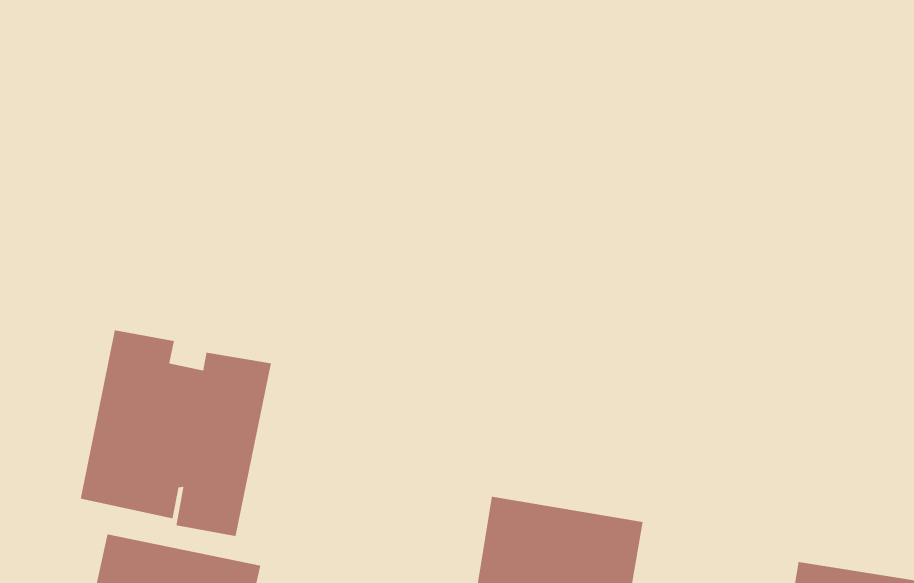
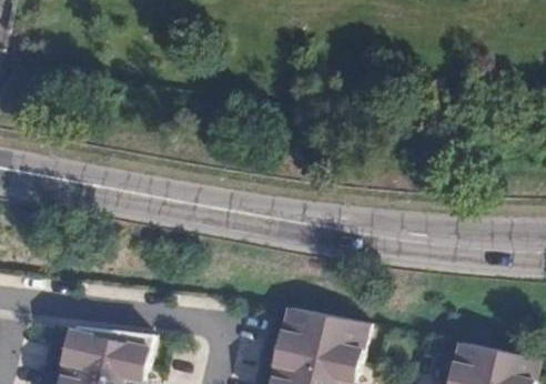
building: [80,330,271,537] -> none

